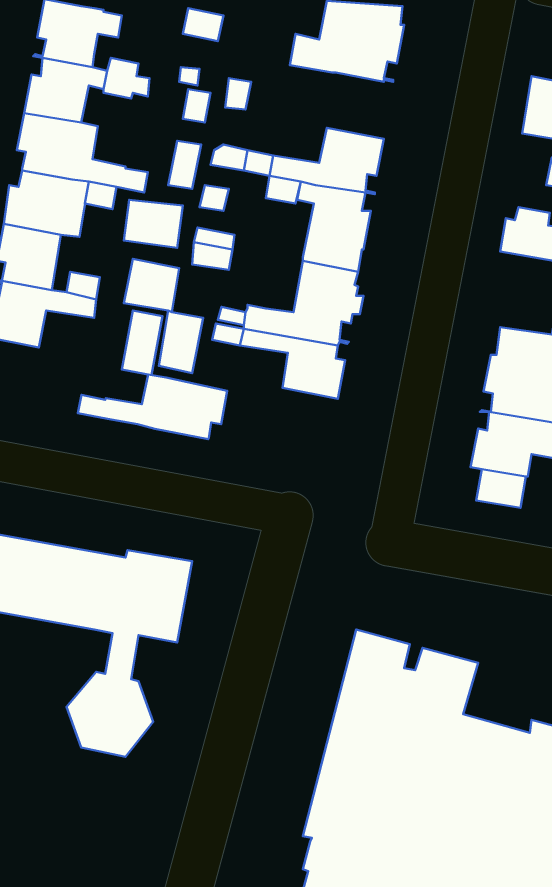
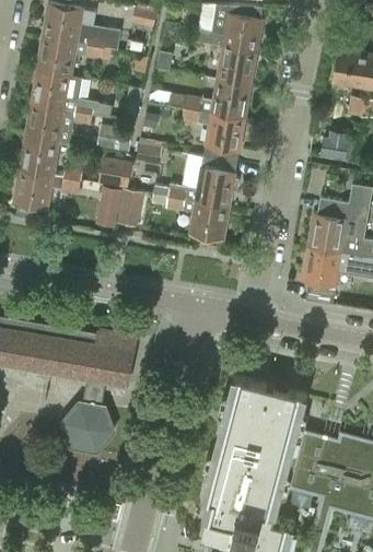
building: none -> [217,47,255,86]
building: [78,375,227,439] -> none

